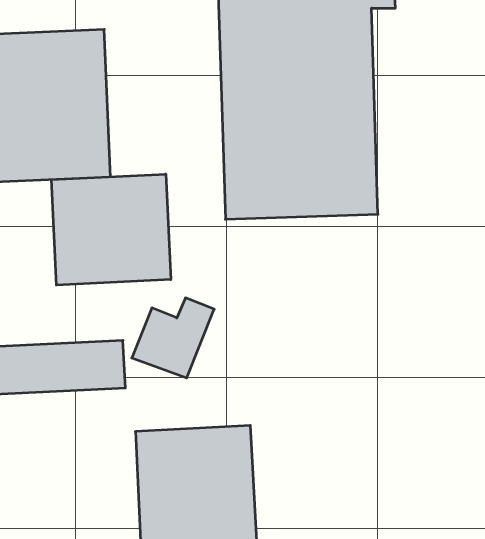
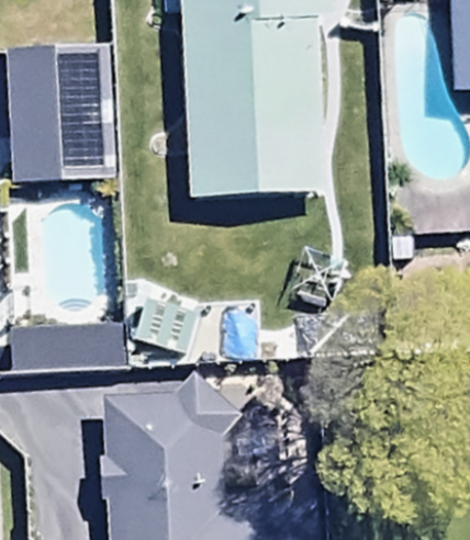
building: [51,174,171,285] -> none

